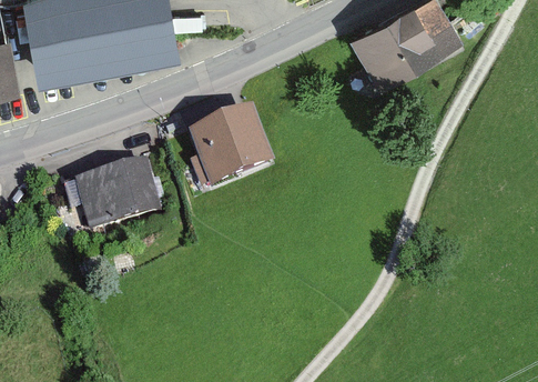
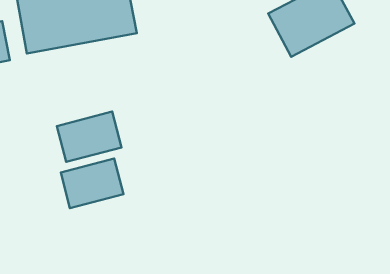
building: [187,110,270,187] -> none
building: none -> [61,159,124,208]

